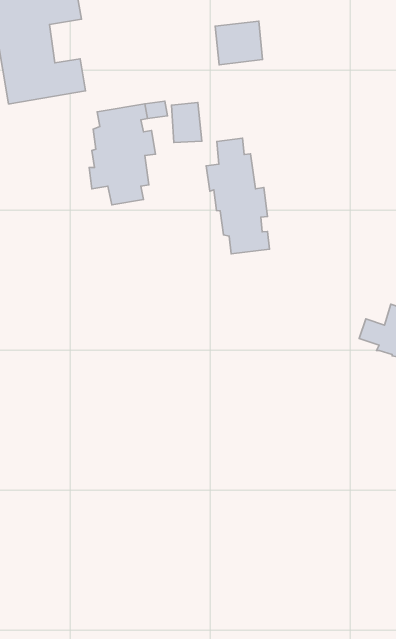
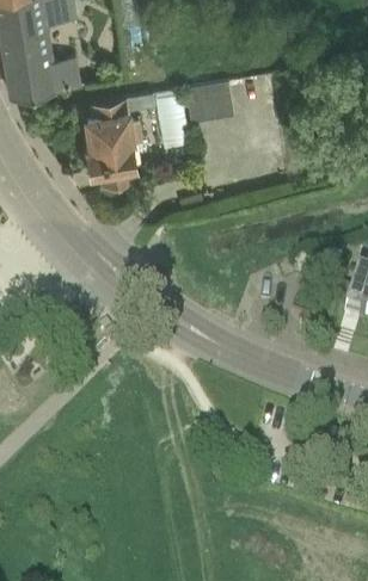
building: [215,21,263,65] -> [190,81,233,120]
building: [206,138,270,254] -> none

